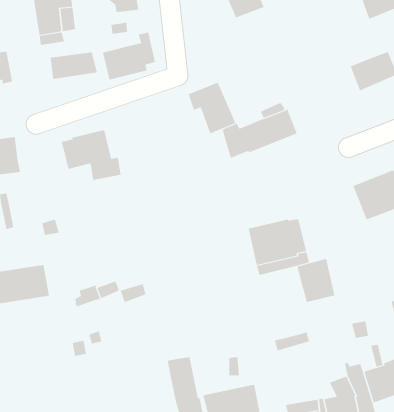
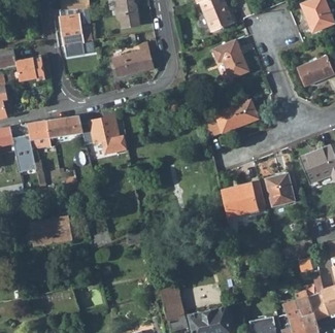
building: [50,52,98,79] -> [47,116,83,137]
building: [188,82,236,134] -> [213,40,249,79]
building: [297,258,335,302] -> [266,173,295,206]

